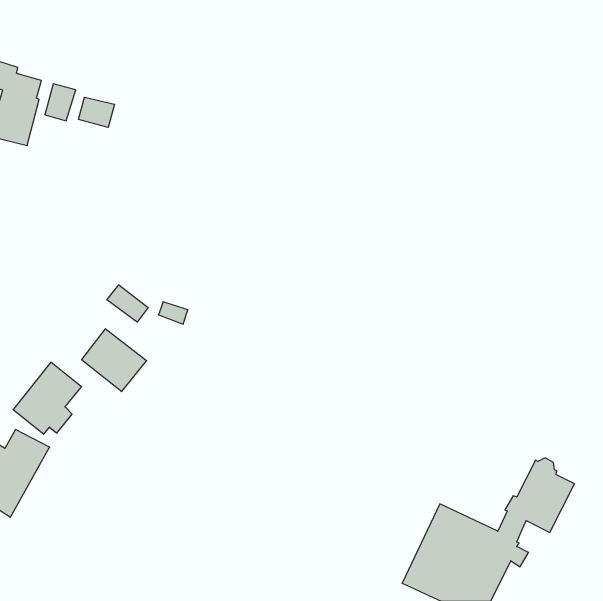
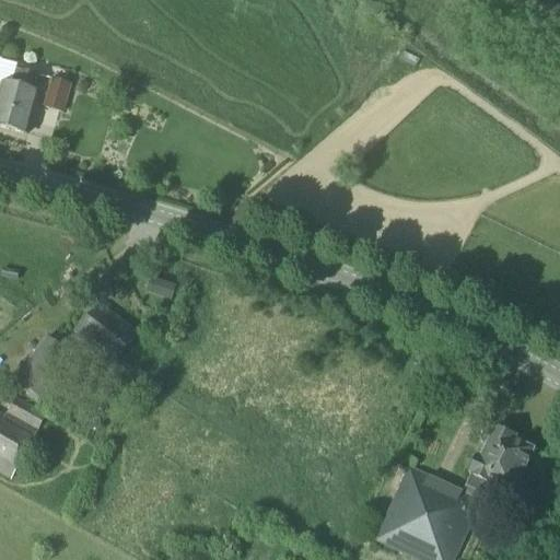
building: [79,97,115,127] -> none
building: [107,285,148,322] -> none

